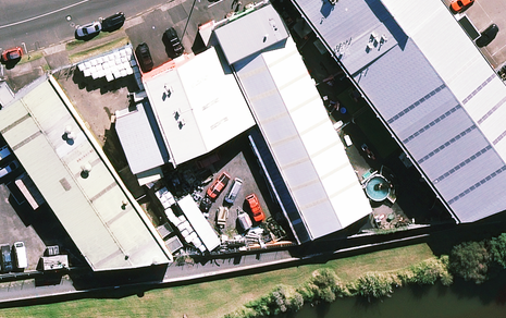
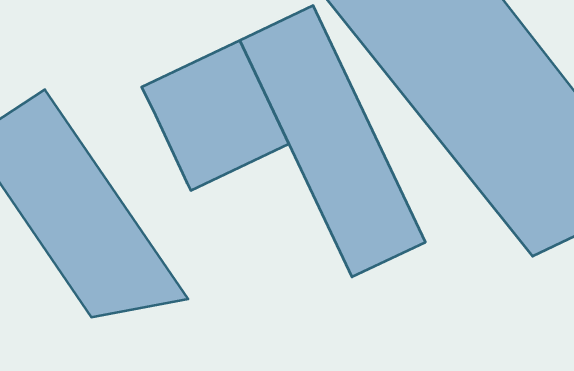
building: [111,96,172,174] -> none

